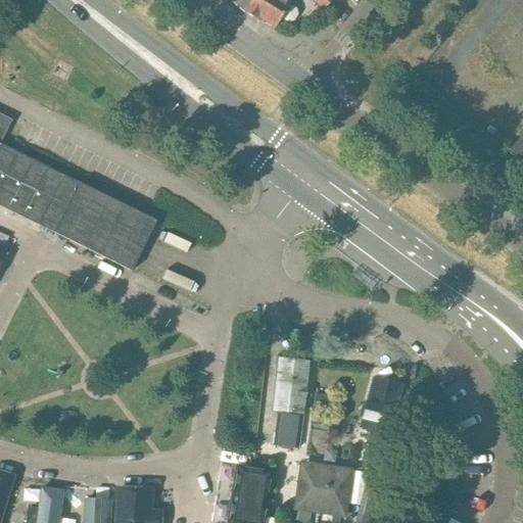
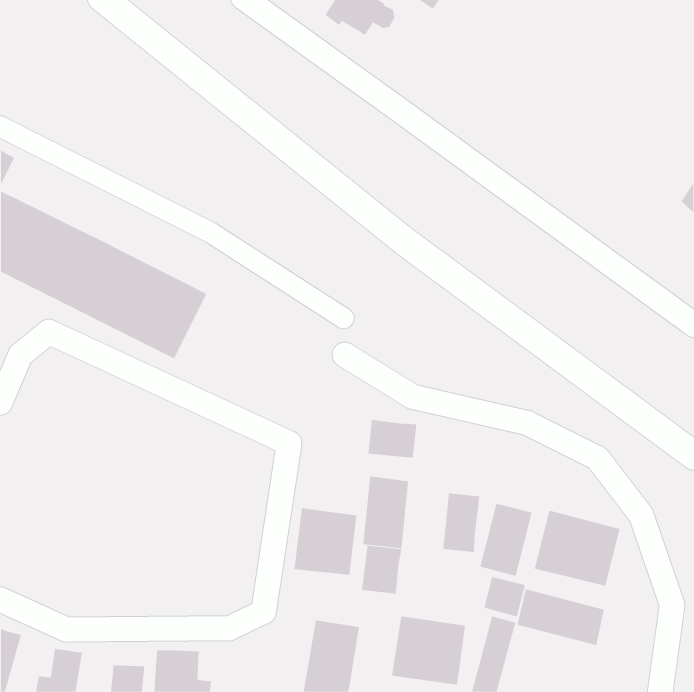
building: none -> [368,419,417,459]
building: none -> [443,493,480,553]
building: none -> [294,508,357,576]
building: none -> [534,510,620,587]
building: none -> [517,589,604,646]

